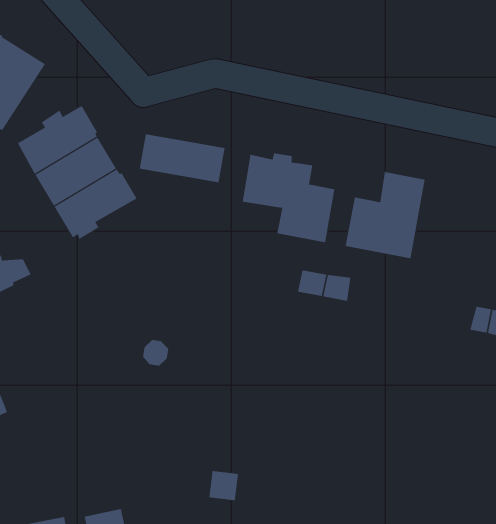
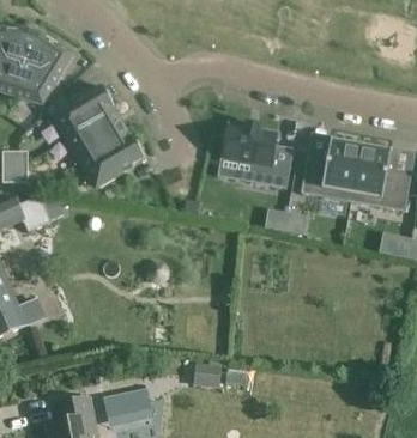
building: [139,133,225,183] -> none
building: none -> [351,141,410,211]

